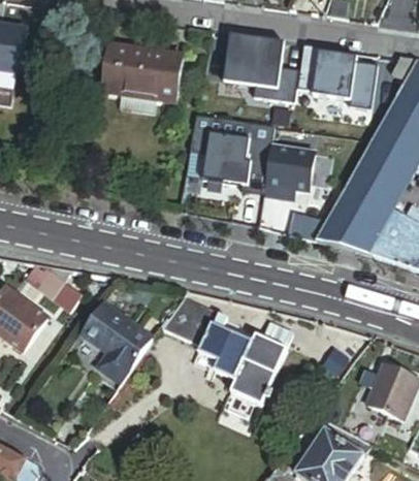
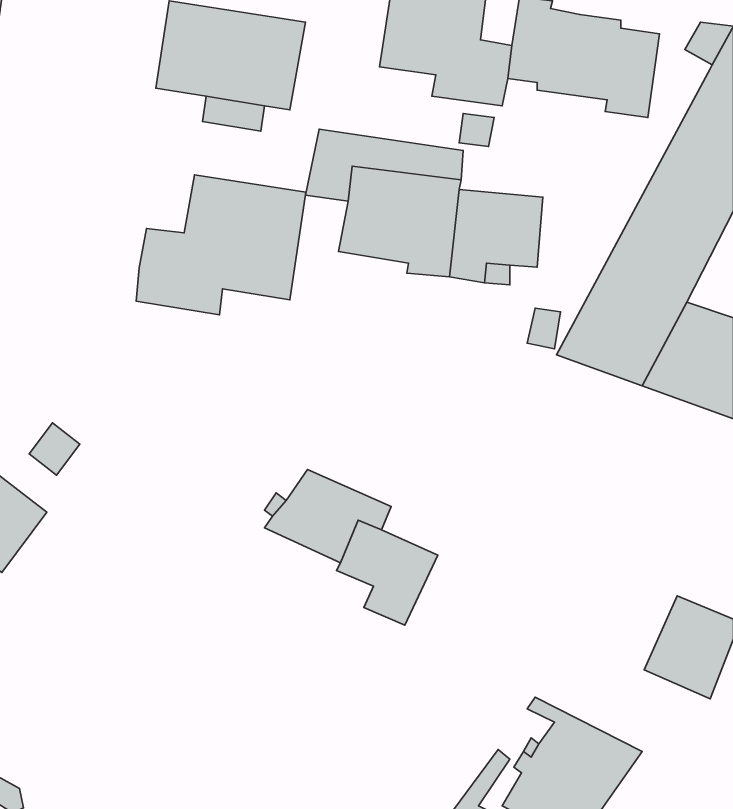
building: none -> [136,175,306,315]
building: [85,299,157,381] -> none
building: [235,331,291,403] -> none

